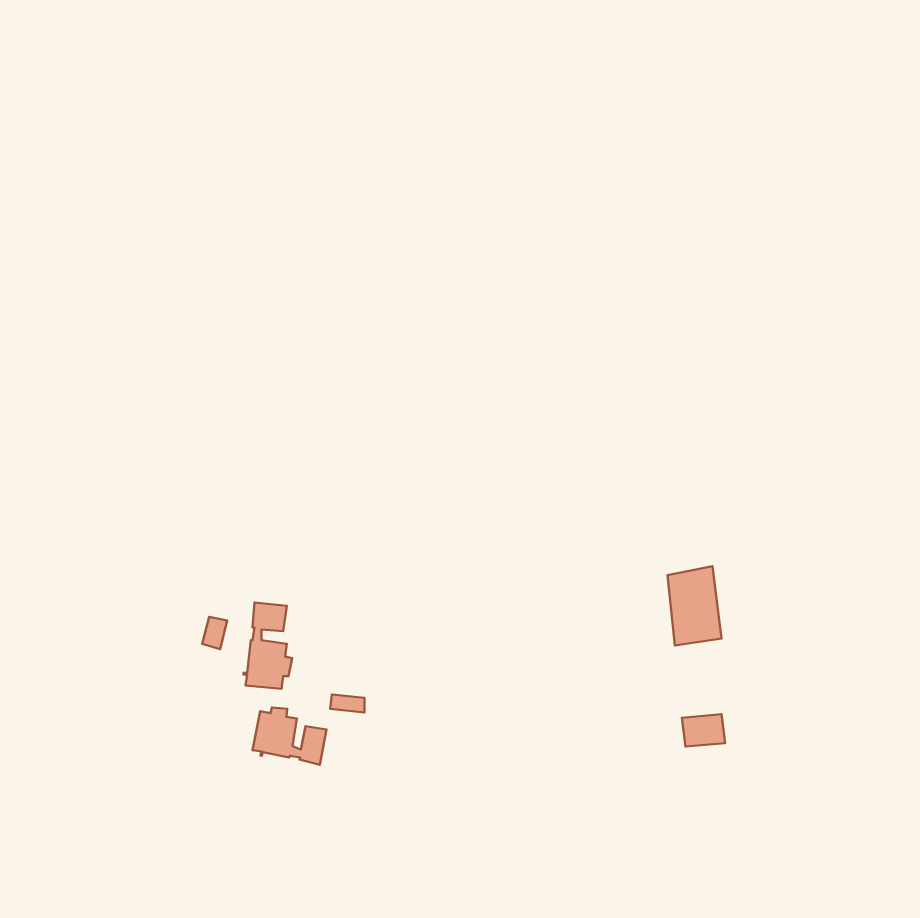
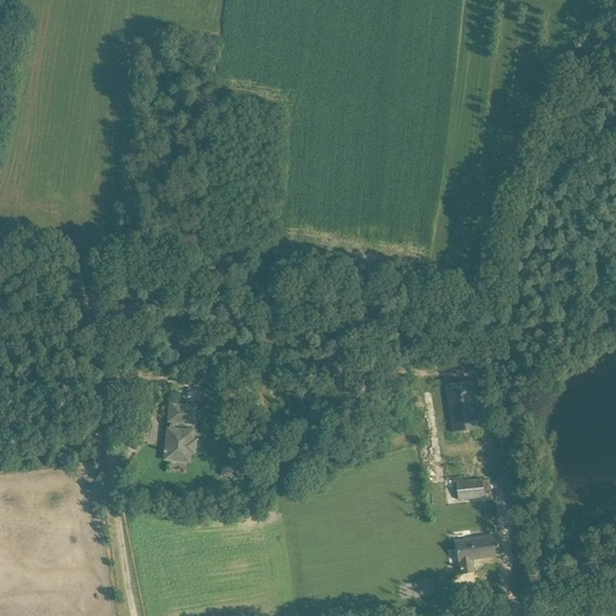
building: [252,707,326,765] -> none
building: none -> [455,534,499,571]

